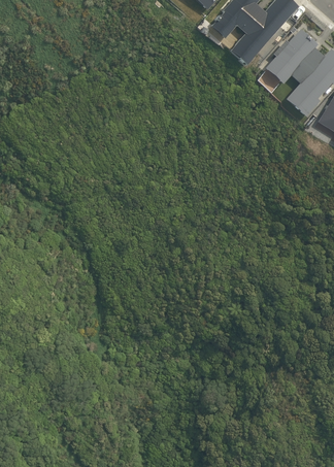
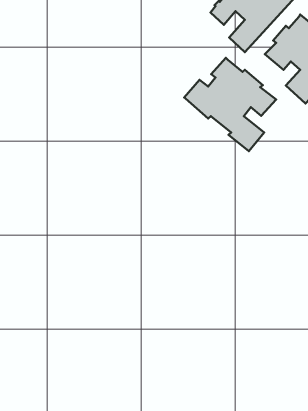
building: none -> [184,58,276,151]

